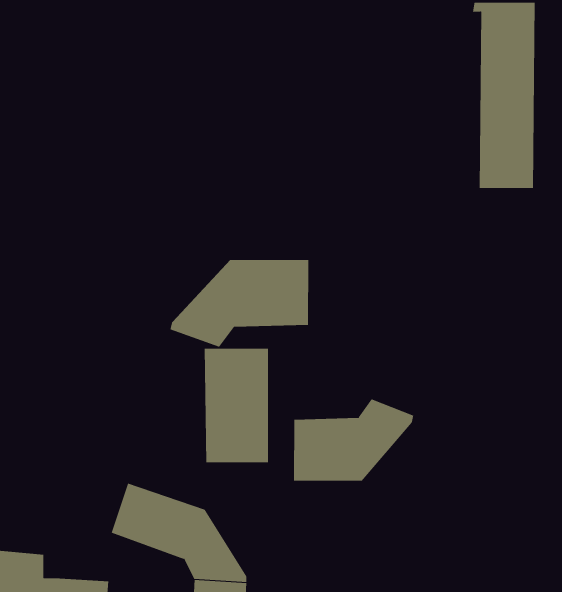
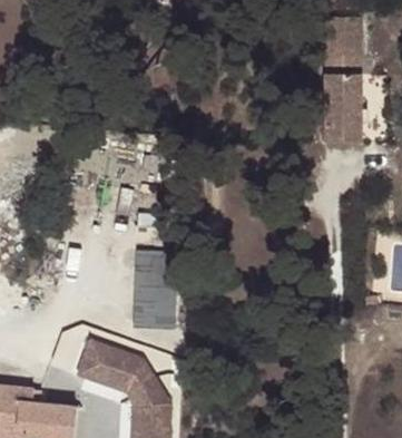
building: [170,259,309,347] -> none
building: [294,399,414,482] -> none

